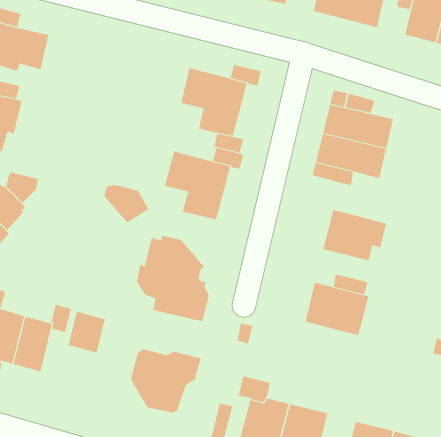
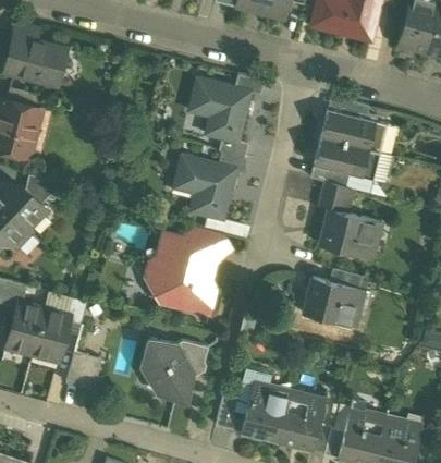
building: none -> [320,182,353,214]
building: [103,185,149,223] -> [189,227,232,263]
building: [68,311,105,353] -> [66,351,101,390]

